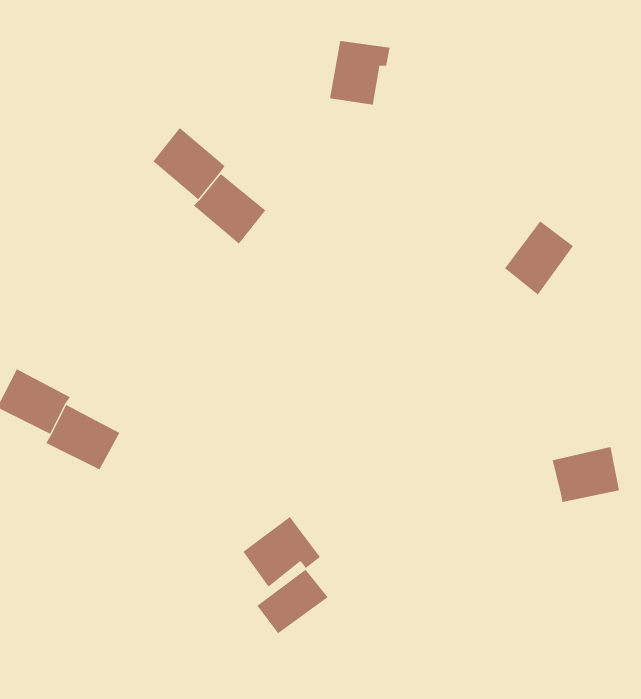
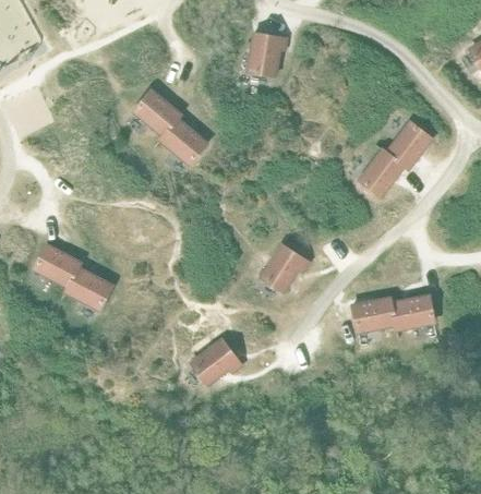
building: none -> [387,122,432,169]
building: none -> [261,244,310,292]
building: none -> [352,298,396,333]
building: [256,569,329,634] -> none

